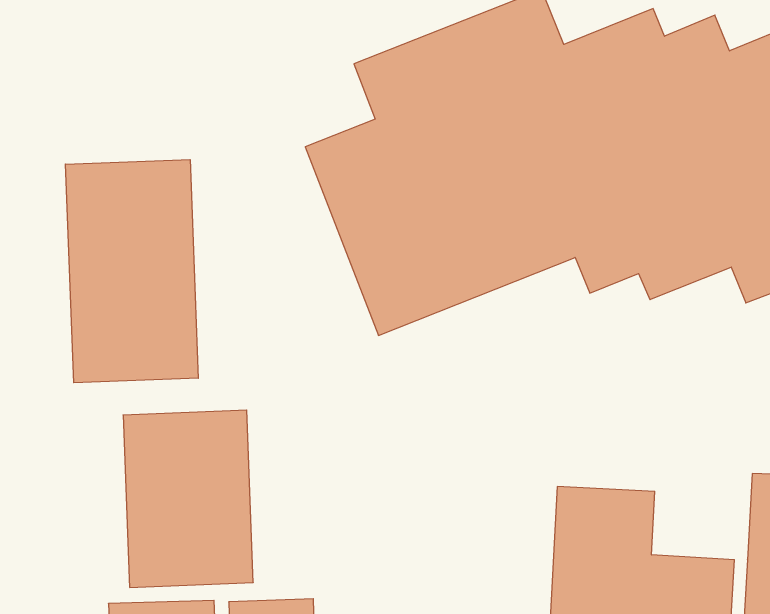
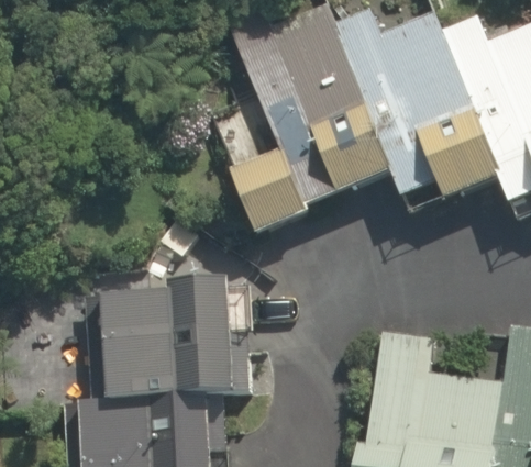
building: [65,160,198,383] -> none
building: none -> [166,270,261,397]

